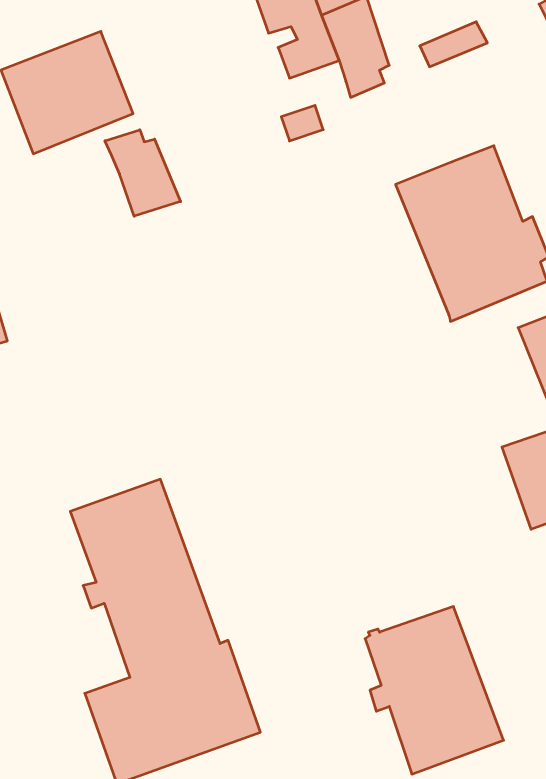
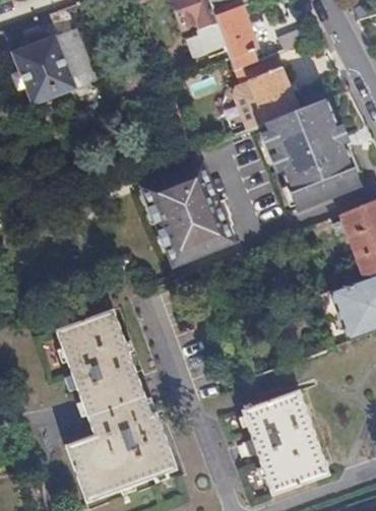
building: none -> [234,65,298,128]
building: [105,130,181,216] -> none
building: none -> [141,163,231,265]

